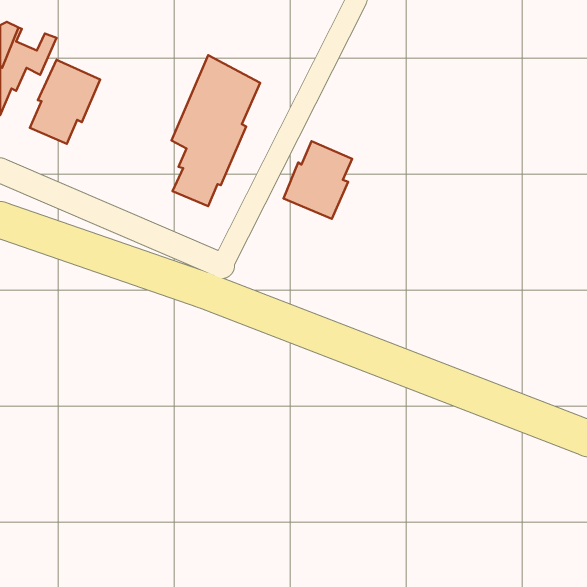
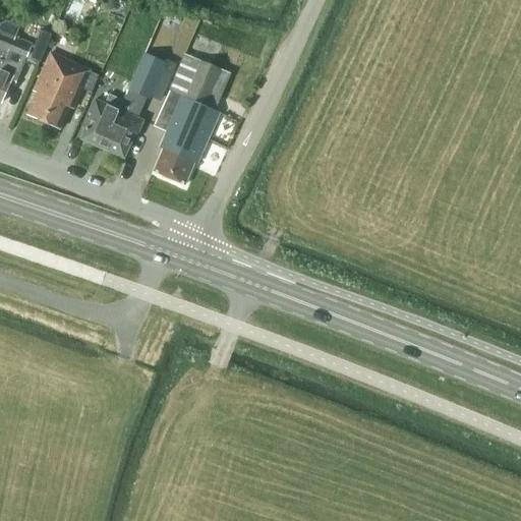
building: none -> [81,55,164,156]
building: [283,141,352,219] -> none

